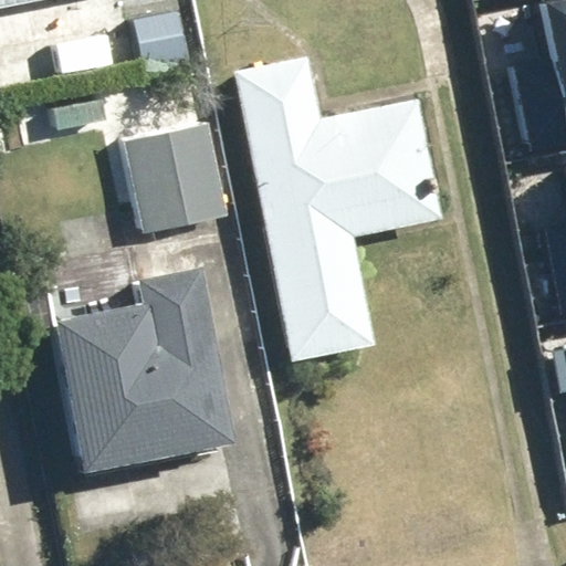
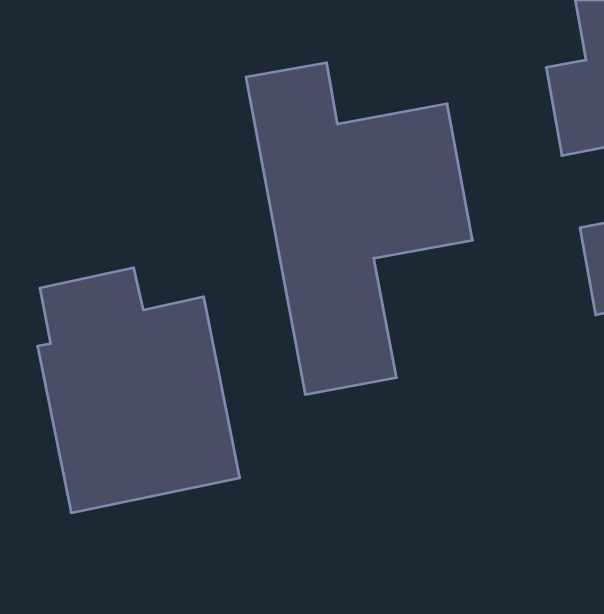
building: [124,114,232,238] -> none

